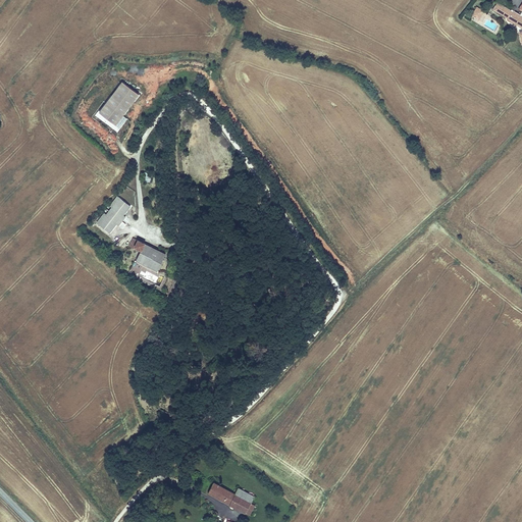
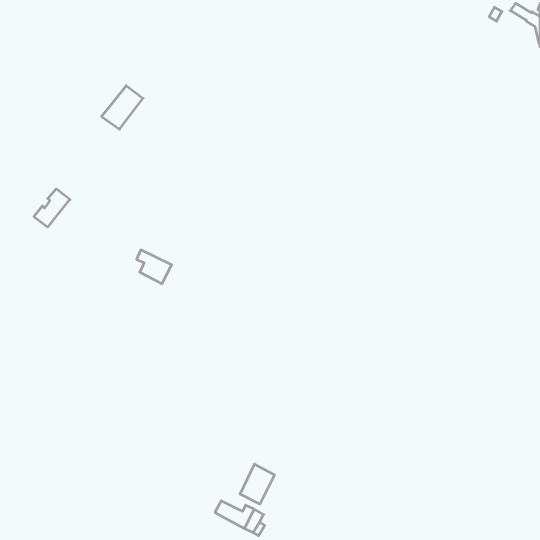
building: [95,198,129,234] -> [34,189,70,227]
building: none -> [240,464,274,504]

